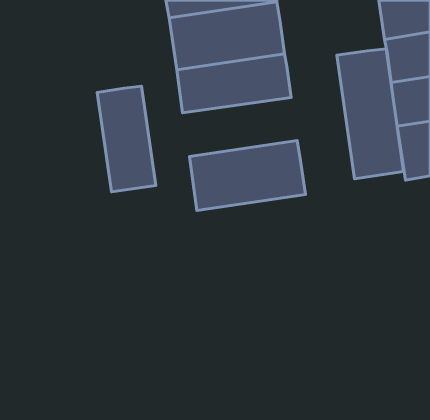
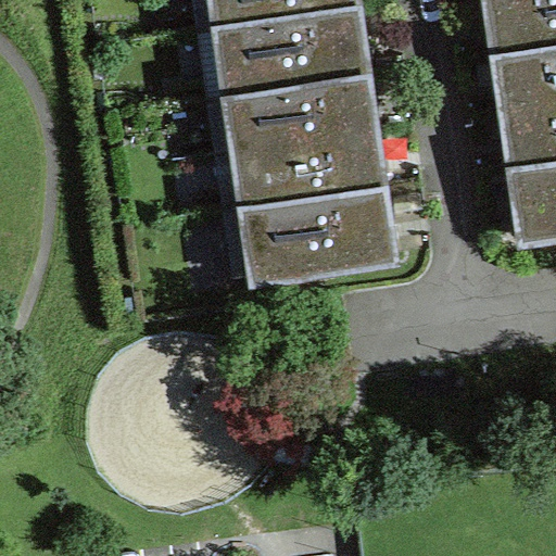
building: [337,49,404,179] -> none
building: [97,86,156,192] -> none
building: none -> [236,139,383,215]

